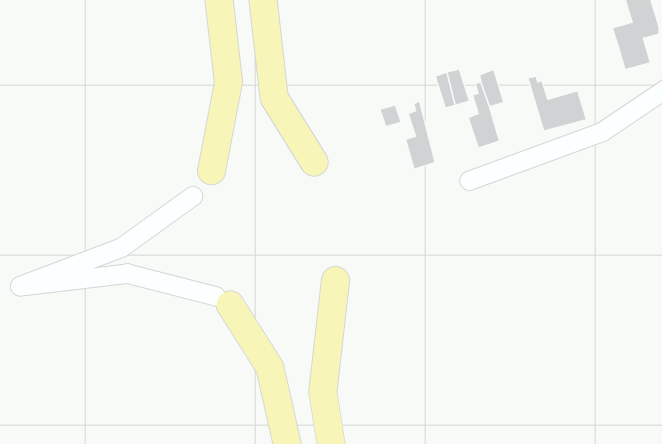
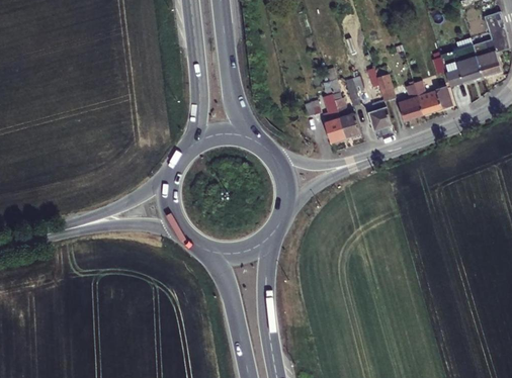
building: none -> [440,45,481,84]
building: none -> [398,81,423,124]
building: none -> [335,96,360,140]

